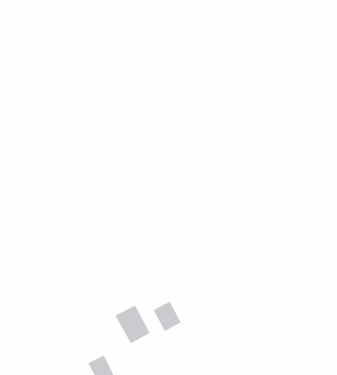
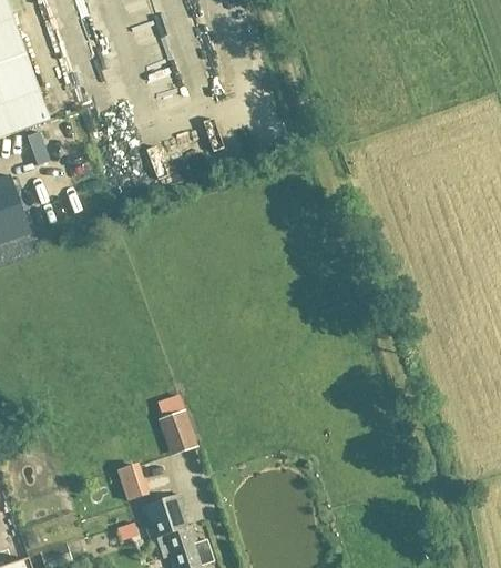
building: [153,301,181,332] -> none

